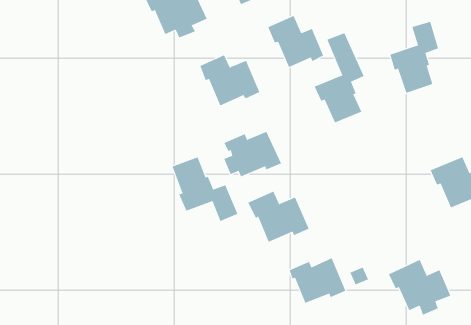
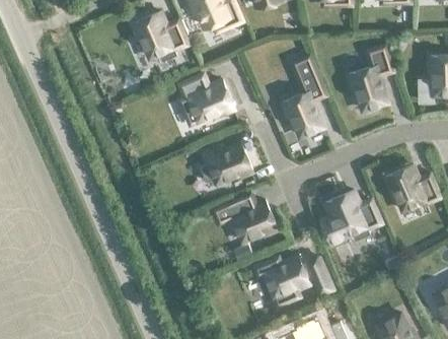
building: [268,15,324,68] -> none
building: [172,157,238,222] -> none
building: [388,259,451,315] -> [324,192,380,242]

